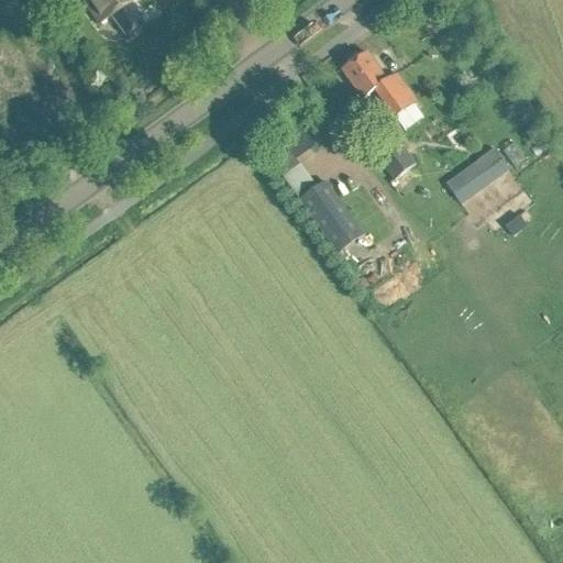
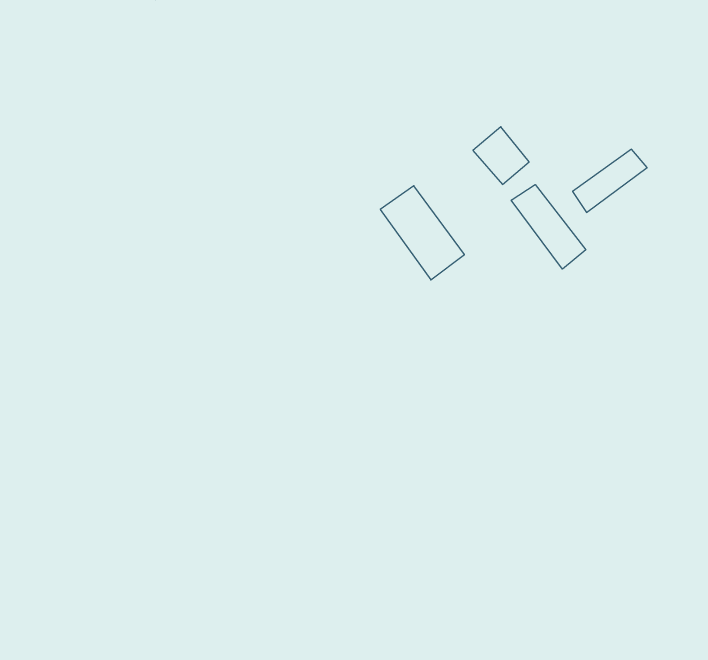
building: [341,51,417,121] -> none
building: none -> [511,185,586,269]

